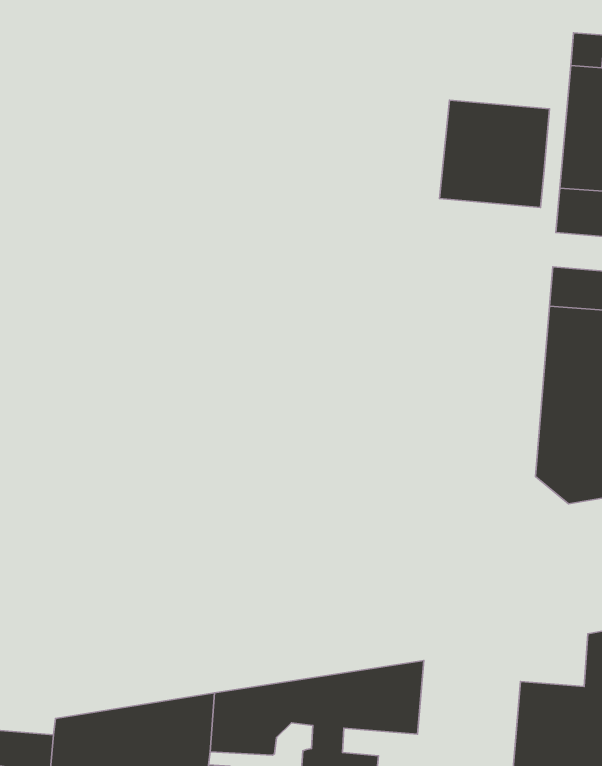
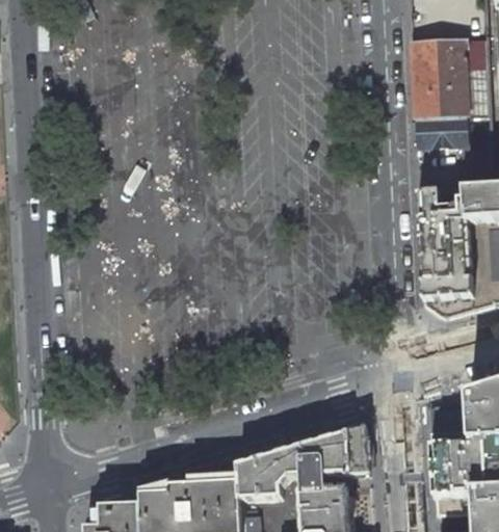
building: [439,100,549,207] -> none

